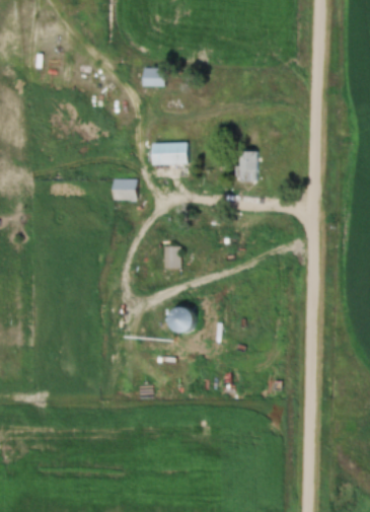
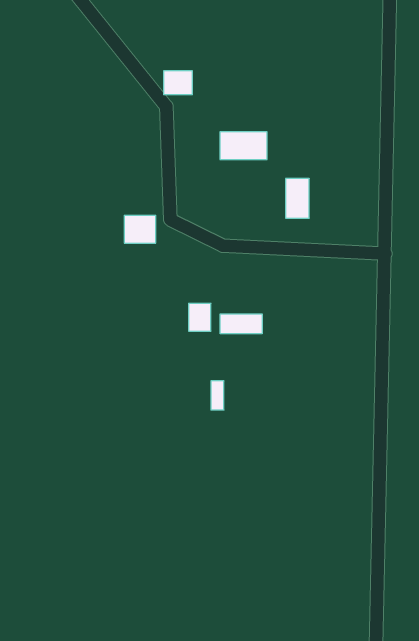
building: [151,144,188,165] -> [220,132,267,159]
building: none -> [220,314,262,334]

